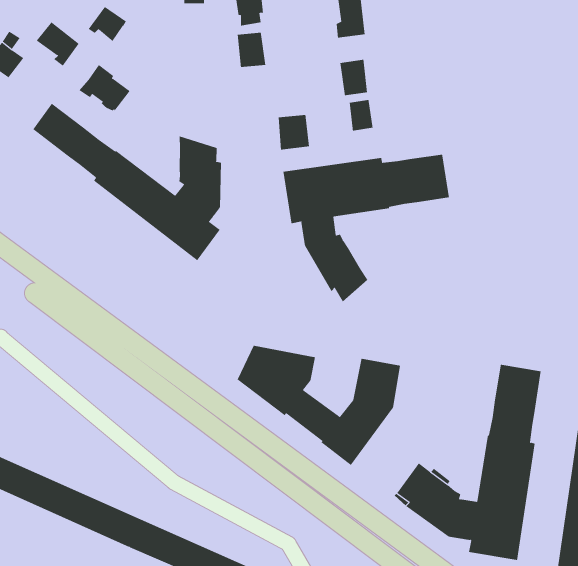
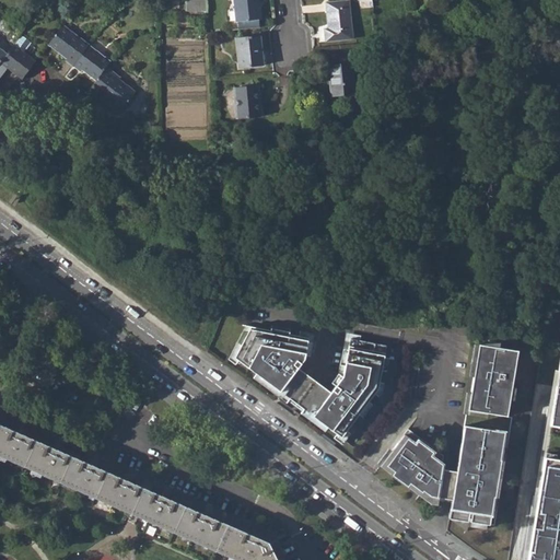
building: [88,6,127,42] -> [75,49,112,82]
building: [349,99,373,131] -> none
building: [33,103,222,261] -> none
building: [278,115,310,150] -> [232,89,261,121]
building: [283,154,449,303] -> none

